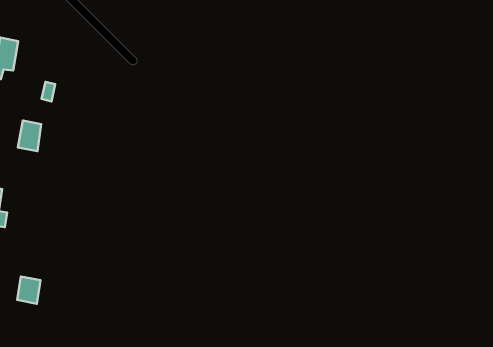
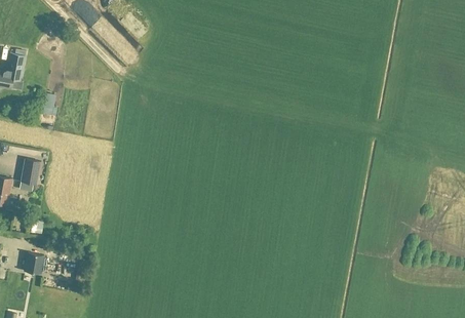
building: [18,120,41,151] -> [21,158,40,184]

